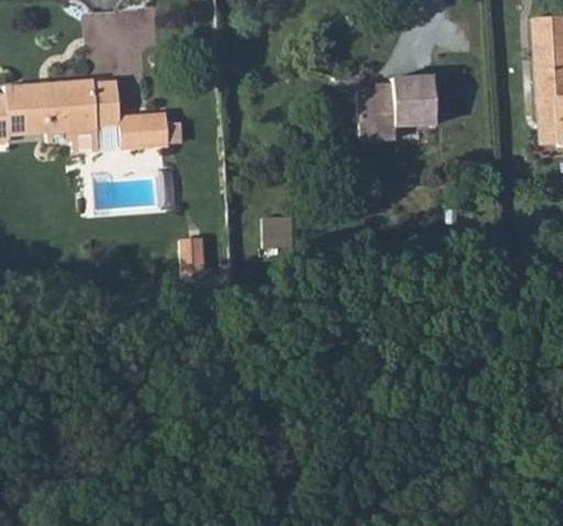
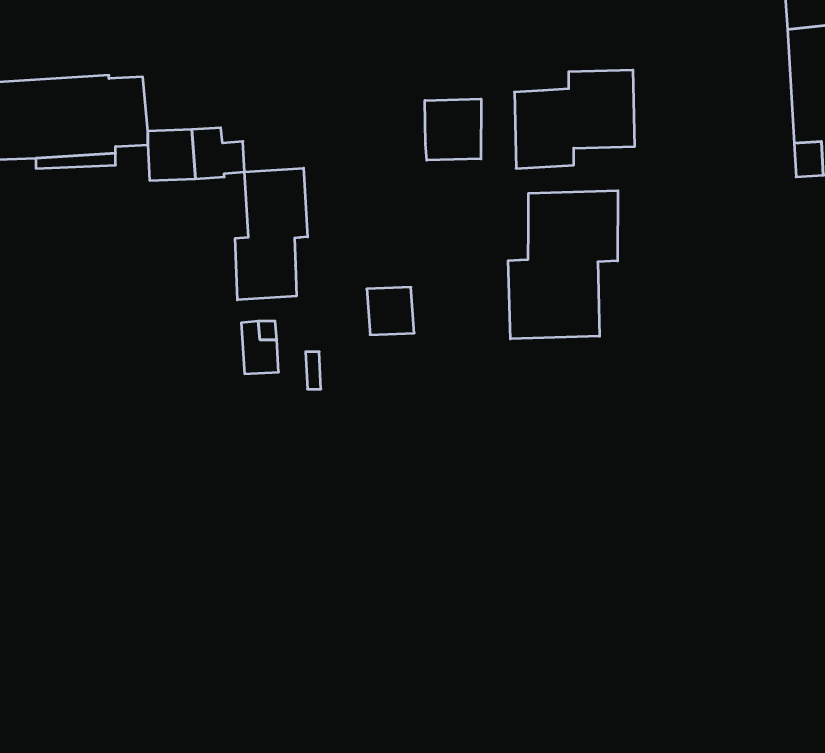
building: none -> [425,99,481,160]
building: none -> [235,168,308,300]
building: none -> [508,191,618,339]

